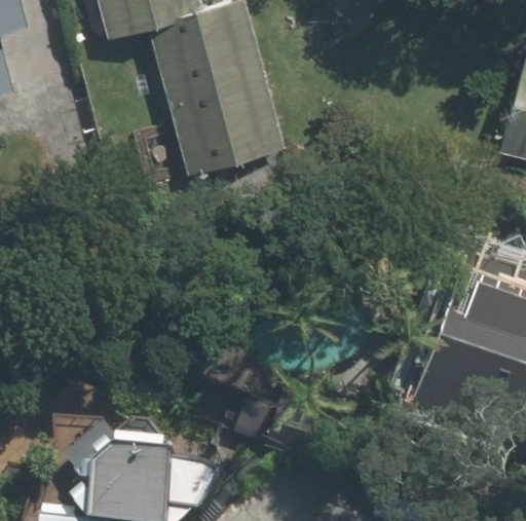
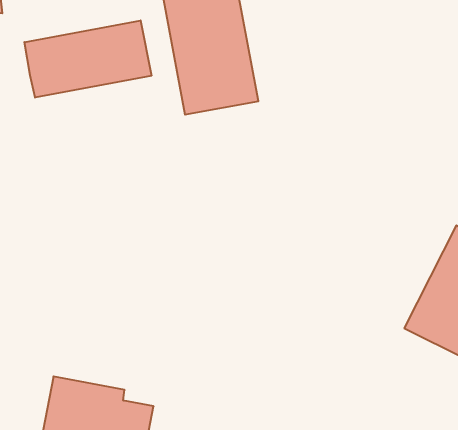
building: none -> [24,20,151,98]

